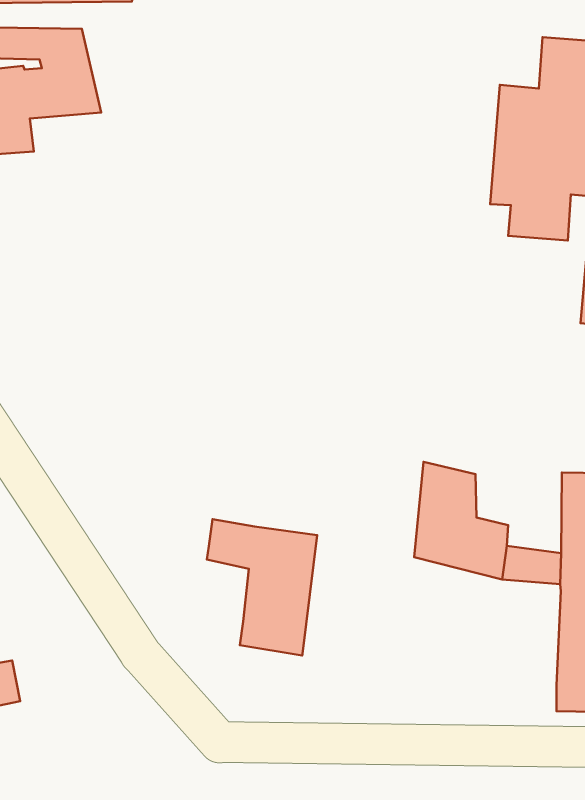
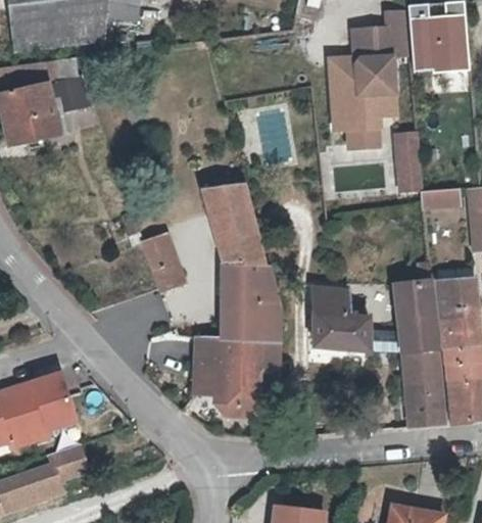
building: none -> [200,177,275,341]
building: none -> [143,236,183,291]
building: none -> [193,363,220,396]

